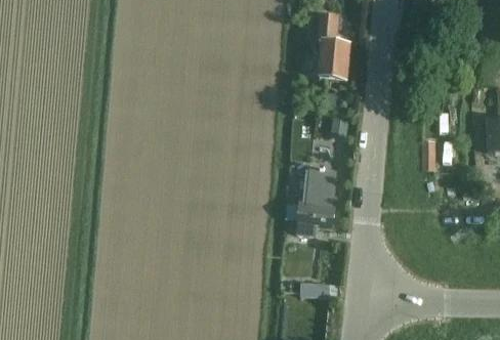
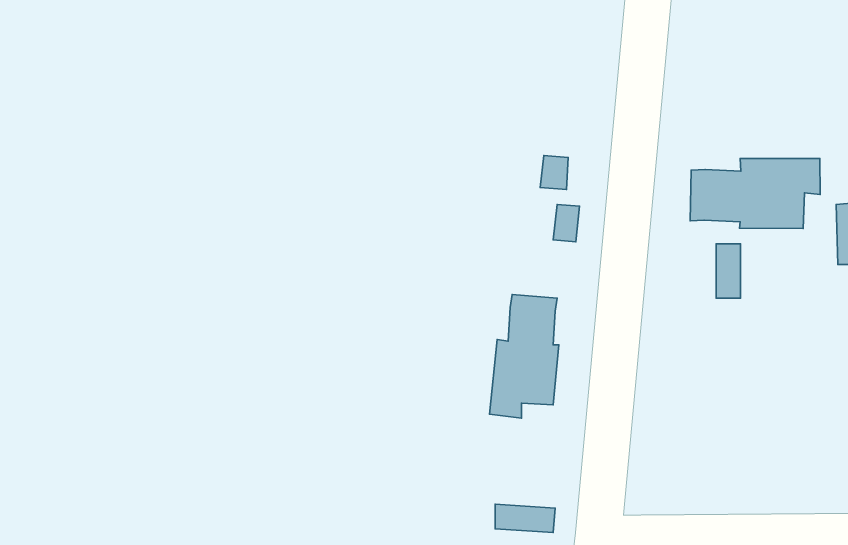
building: [317,13,349,79] -> none
building: none -> [690,159,820,229]

